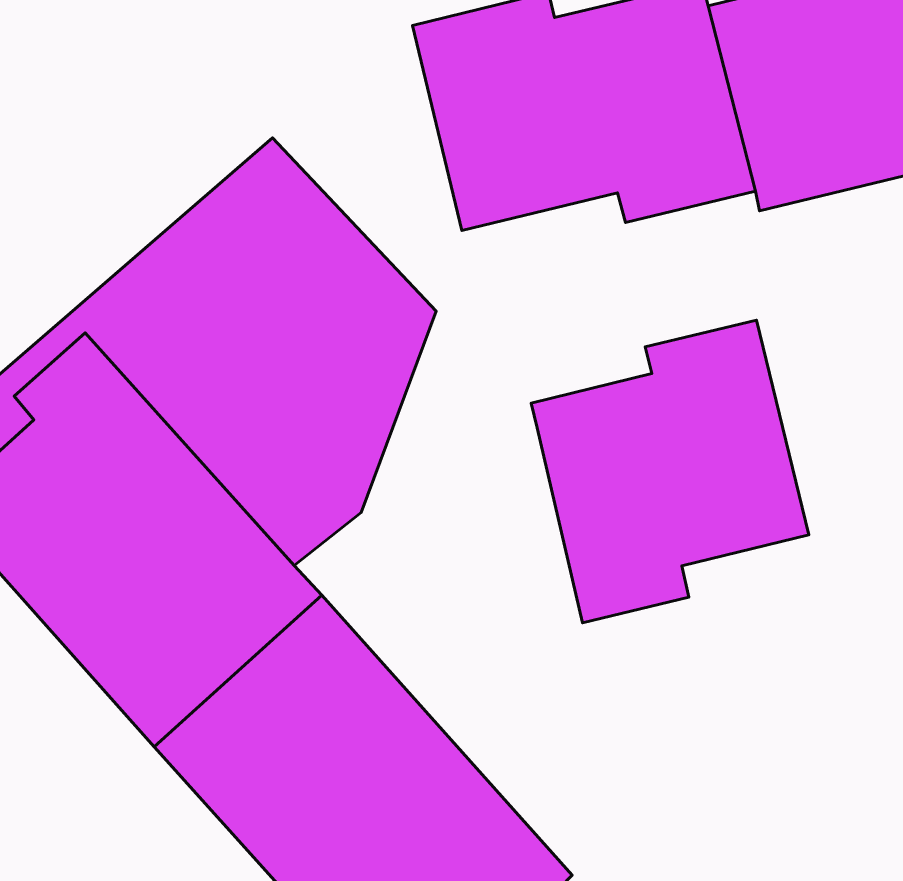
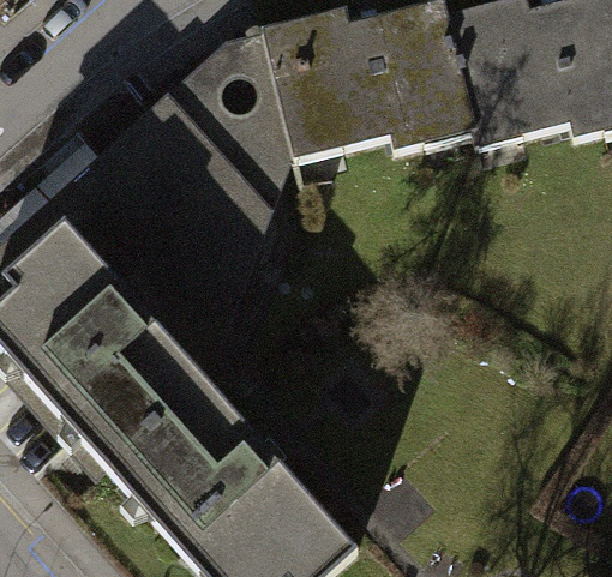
building: none -> [174,29,289,203]
building: [531,320,809,623] -> none

